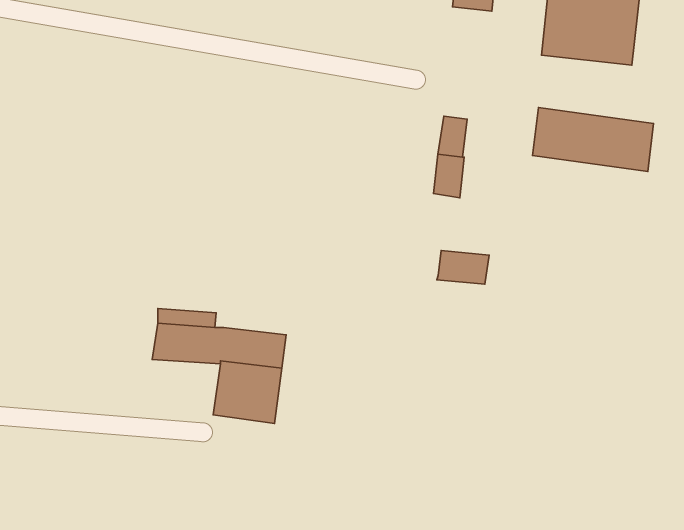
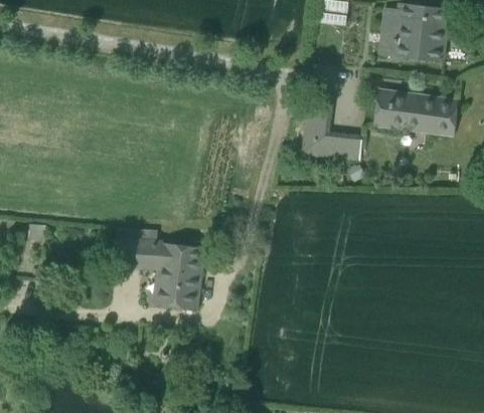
building: [437,251,489,284] -> [322,136,358,159]

